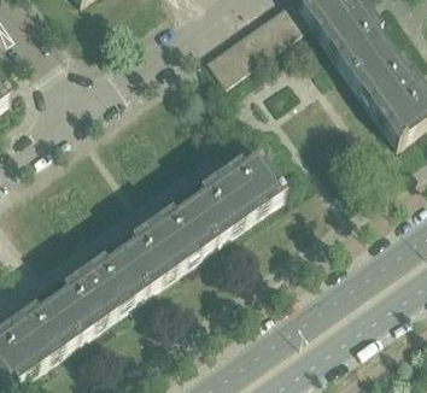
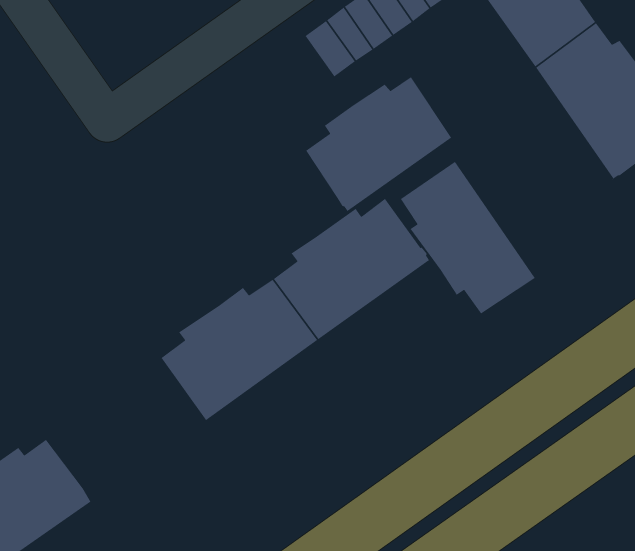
building: none -> [305,76,452,213]
building: none -> [400,161,536,315]
building: [48,247,146,335] -> none

